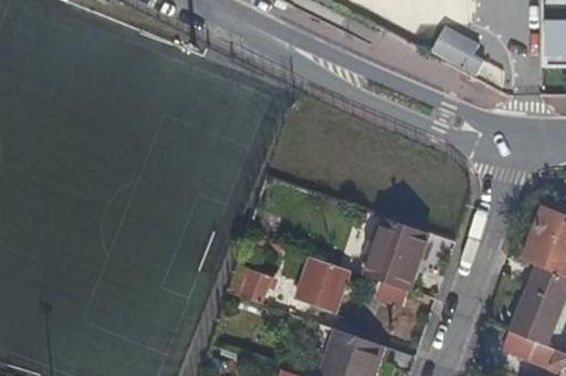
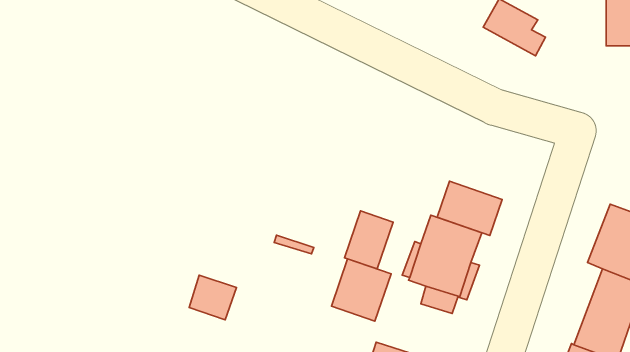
building: none -> [437,181,502,235]
building: none -> [345,211,393,269]
building: [229,265,271,305] -> [189,275,236,320]

